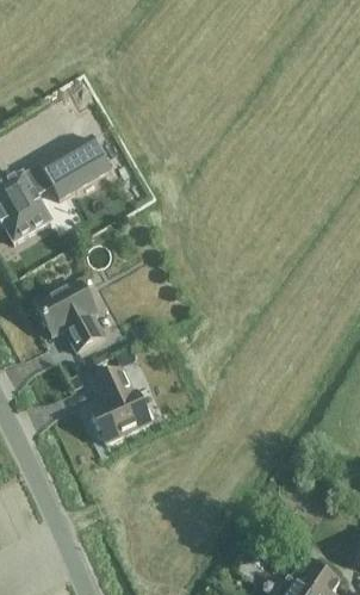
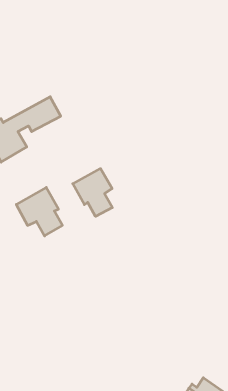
building: none -> [73,169,112,216]
building: [88,367,148,442] -> none

